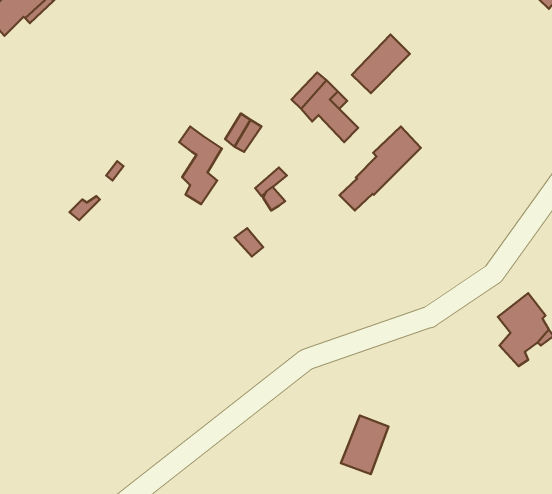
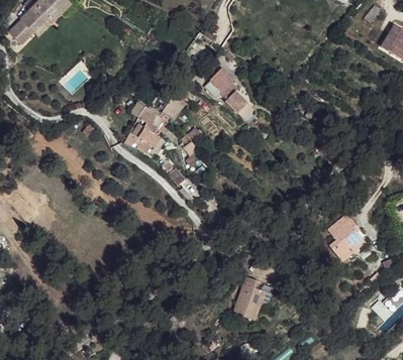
building: [352,35,410,93] -> none
building: [340,126,421,210] -> none

